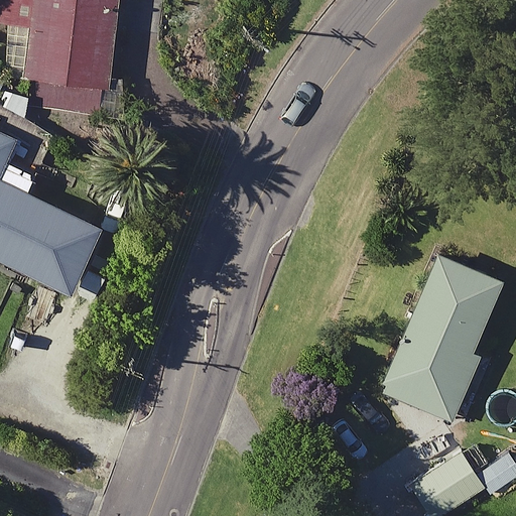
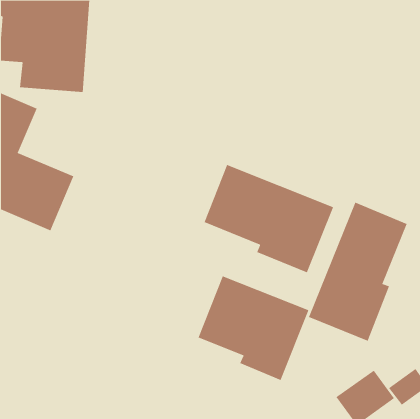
building: none -> [204,164,334,273]
building: none -> [198,275,309,381]

